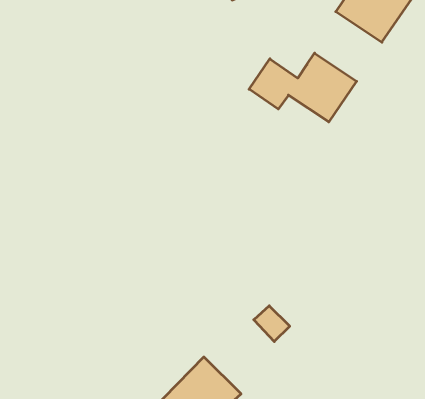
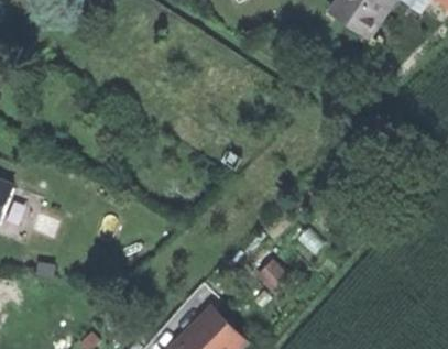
building: [249,53,357,122] -> none

